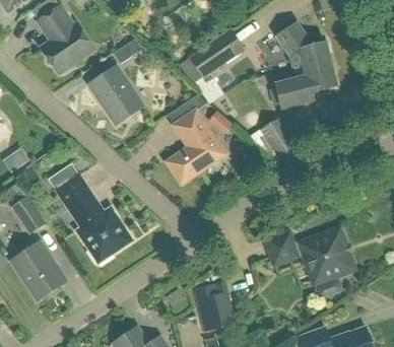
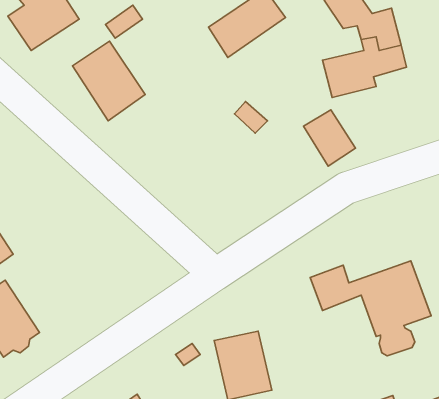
building: [166,111,224,184] -> none
building: [55,175,132,264] -> none

